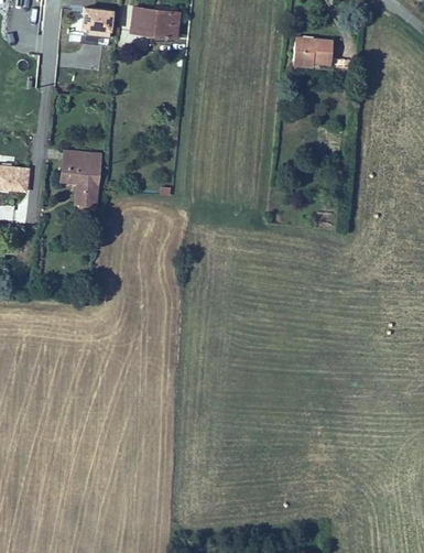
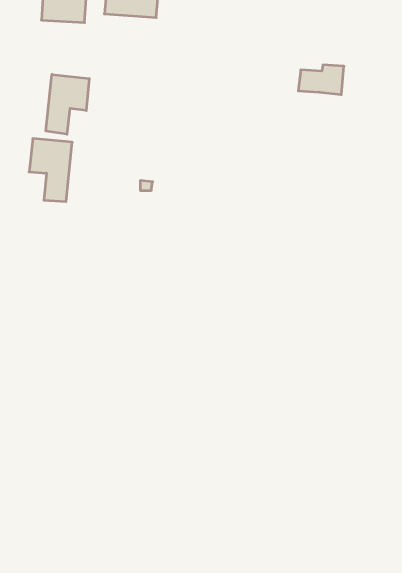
building: [294,36,335,63] -> [298,65,344,95]
building: none -> [46,74,89,134]

